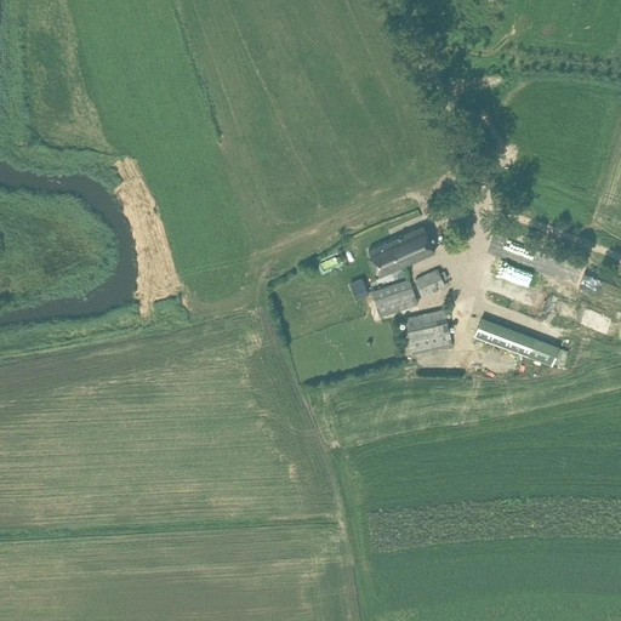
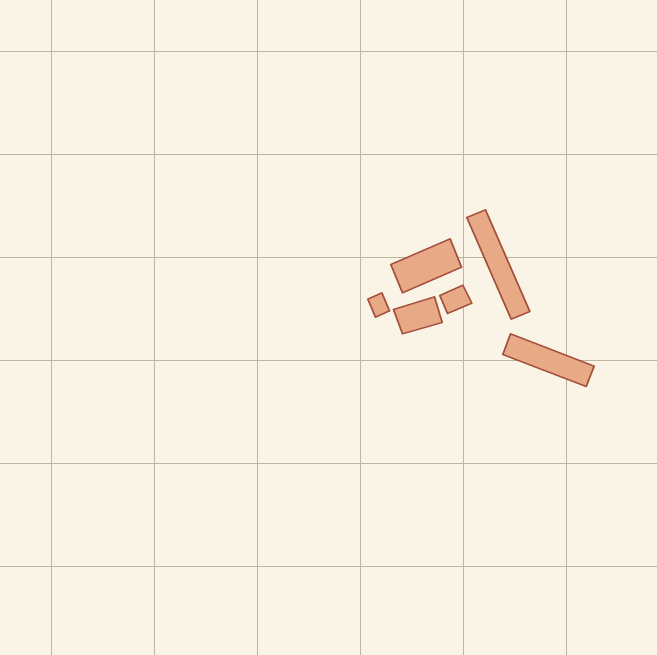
building: none -> [467,210,530,319]
building: [405,308,452,352] -> none

